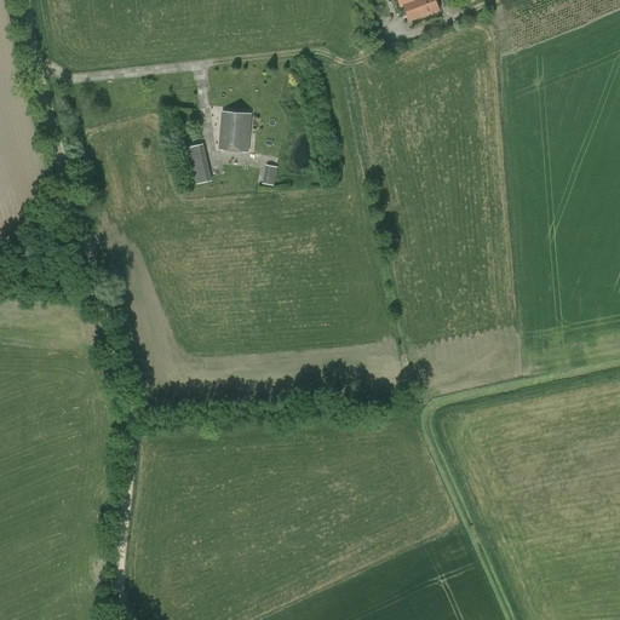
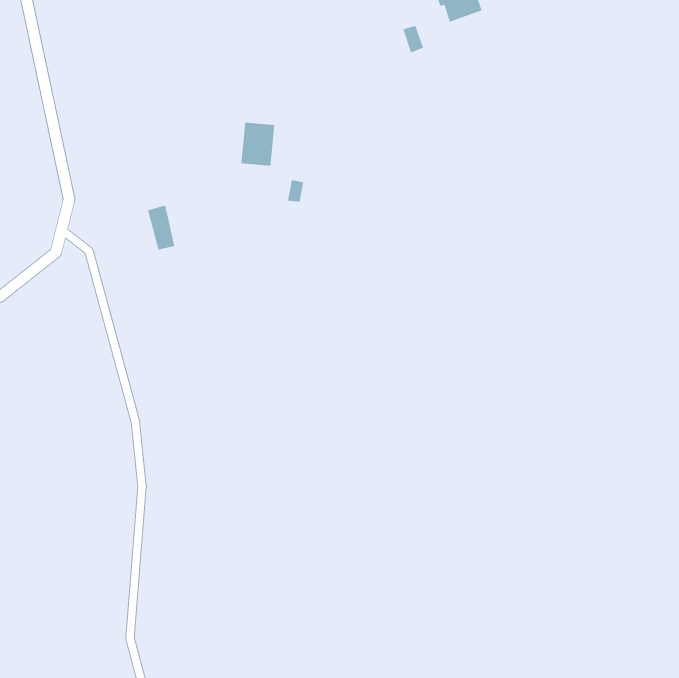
building: [186,142,212,183] -> [147,205,175,250]

